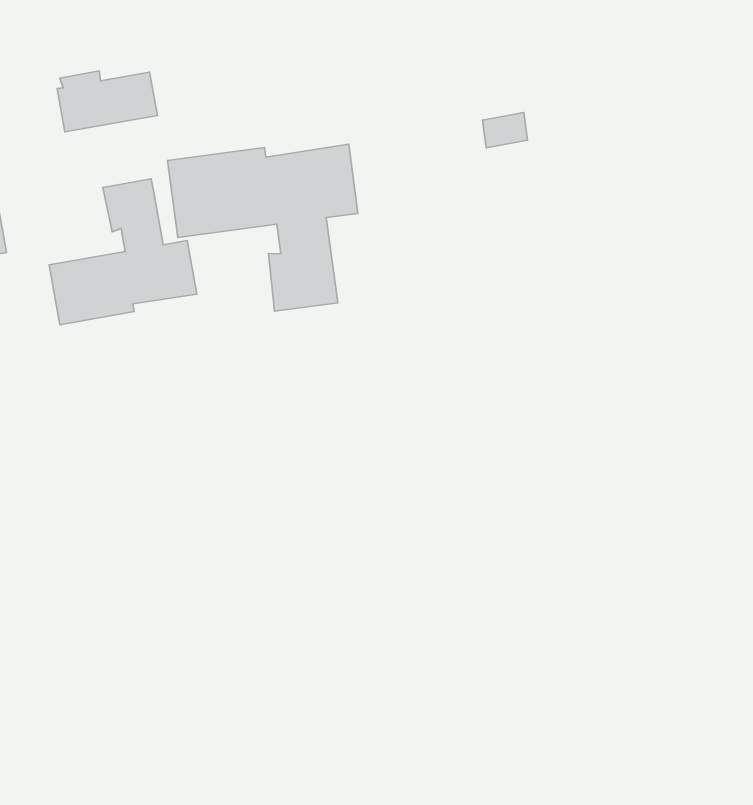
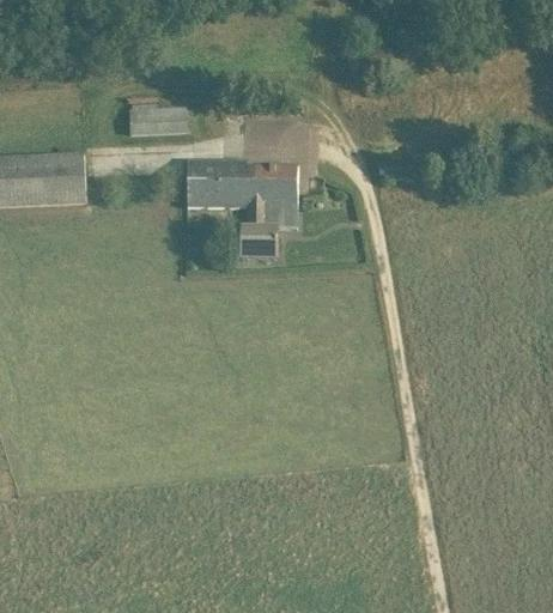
building: [49,179,197,325] -> none

